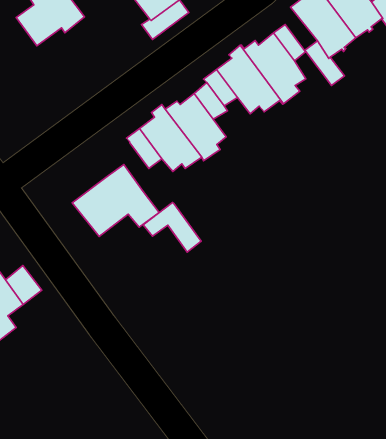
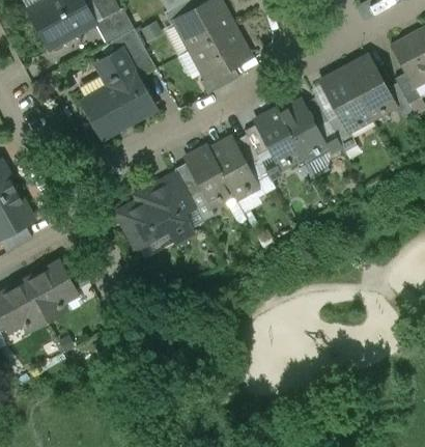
building: none -> [86,75,153,135]
building: [143,202,201,252] -> [150,173,195,215]

